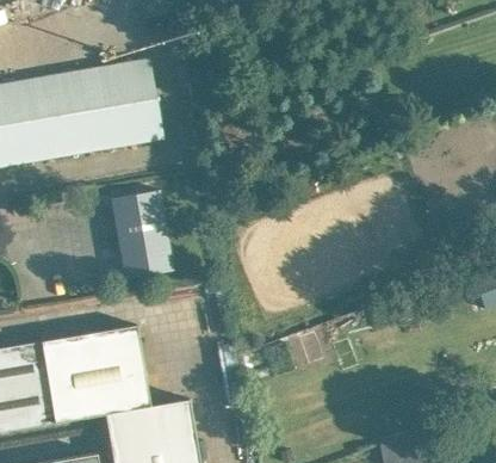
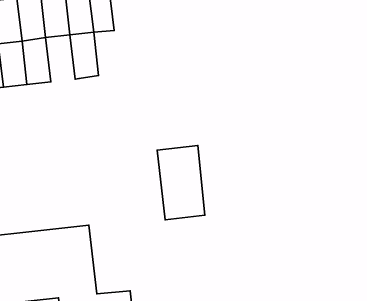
building: [129,91,161,146] -> none
building: [72,99,110,156] -> none
building: [110,189,170,279] -> [157,146,205,220]

